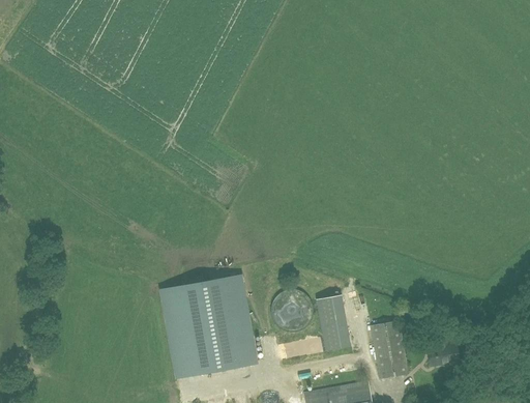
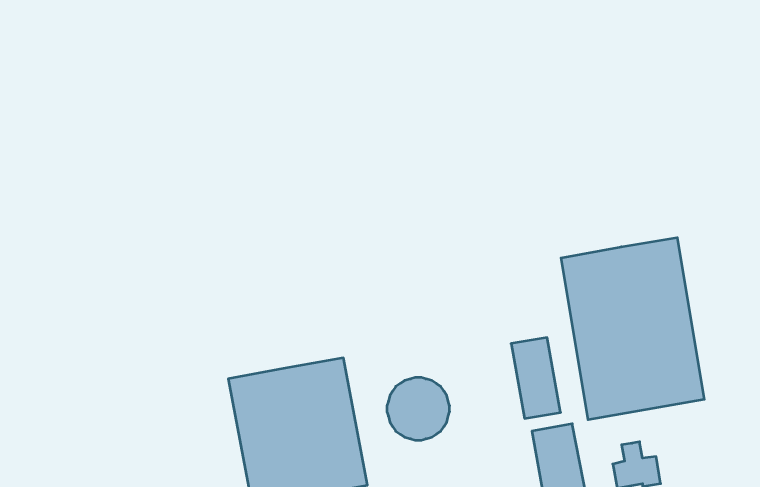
building: none -> [561,238,704,420]
building: [316,294,350,350] -> [511,338,561,418]

